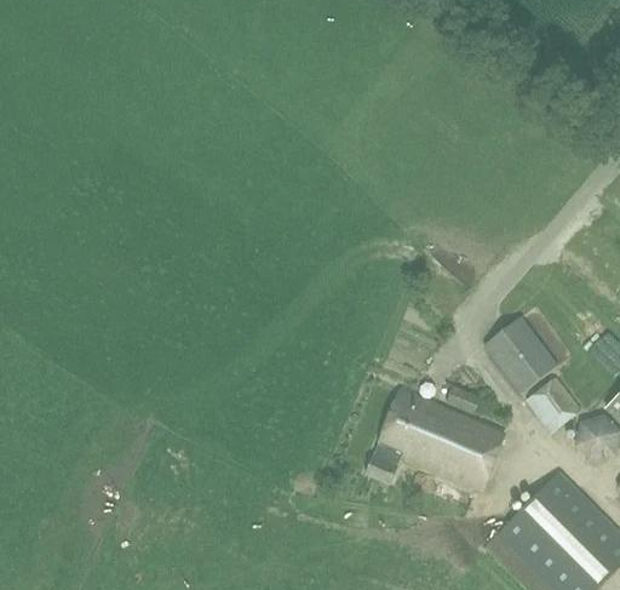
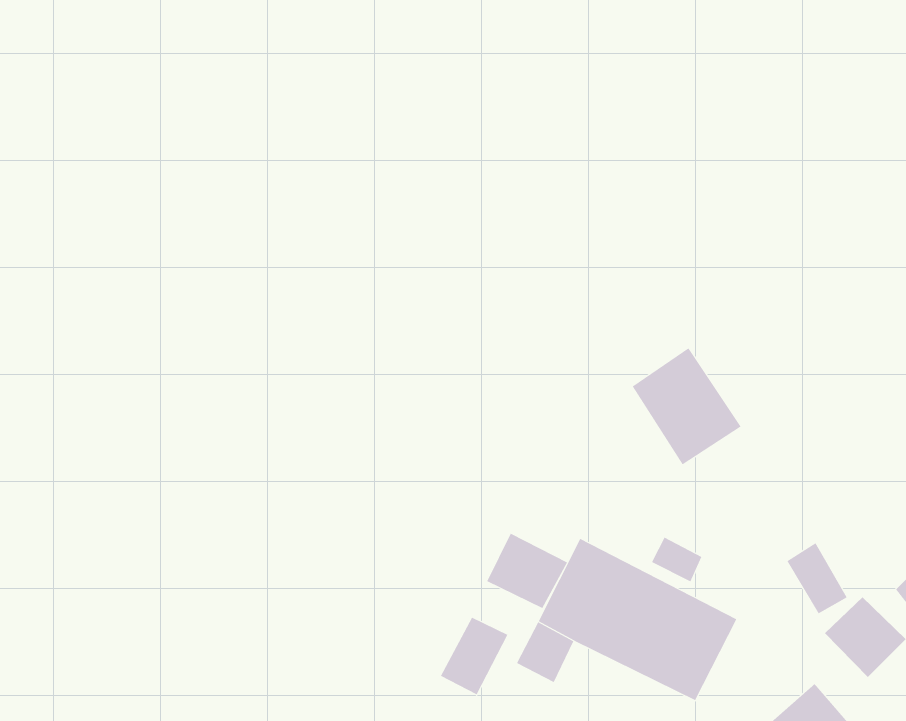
building: [484,316,557,393] -> [632,347,741,465]
building: none -> [486,533,568,609]
building: none -> [440,617,508,695]

